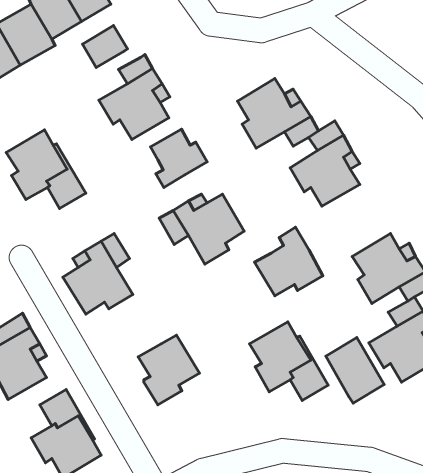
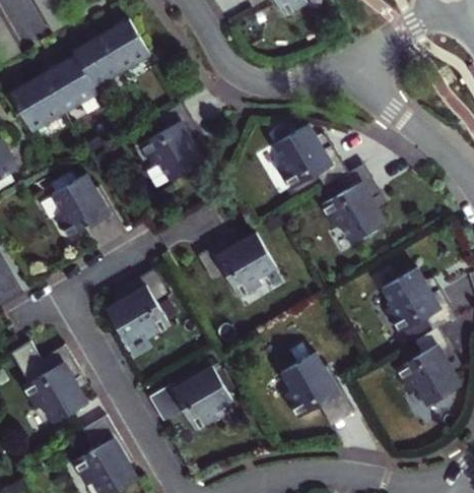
building: [82,25,127,68] -> none
building: [151,129,207,187] -> none
building: [255,227,323,296] -> none
building: [326,337,384,403] -> none
building: none -> [148,370,196,419]

